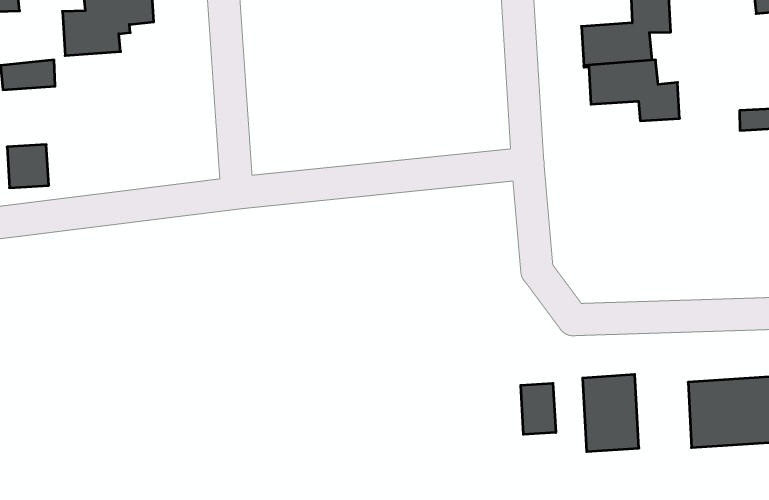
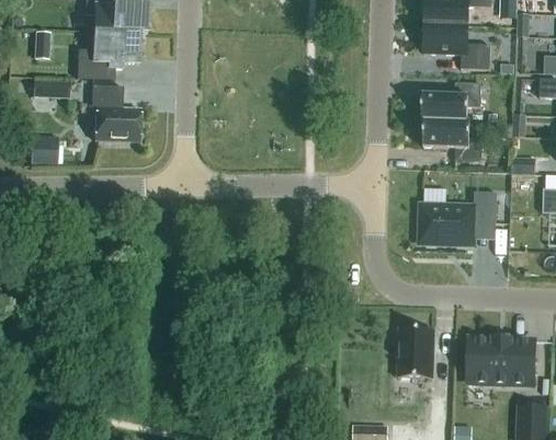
building: none -> [90,84,138,141]
building: none -> [420,190,496,243]
building: [521,383,556,434] -> none

